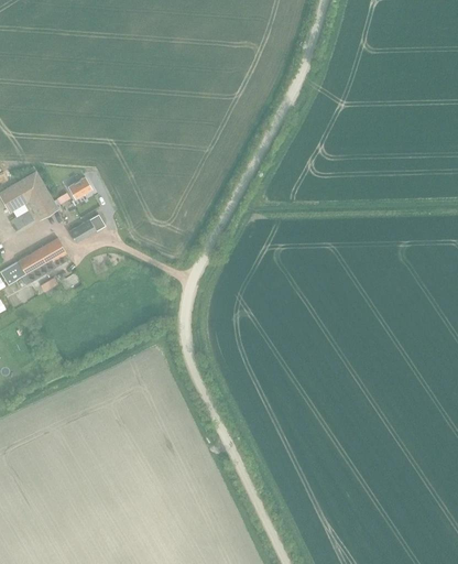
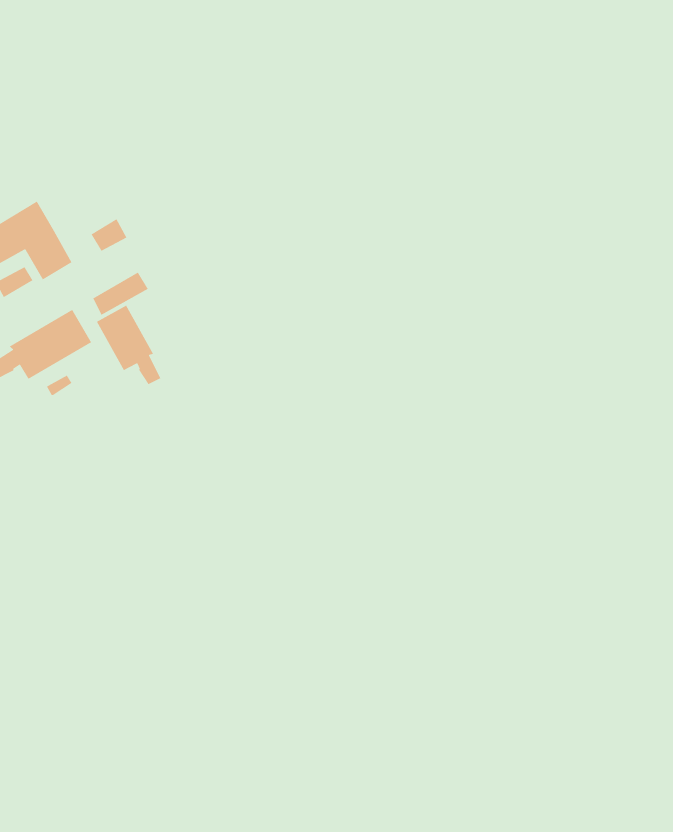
building: none -> [96,304,161,385]

